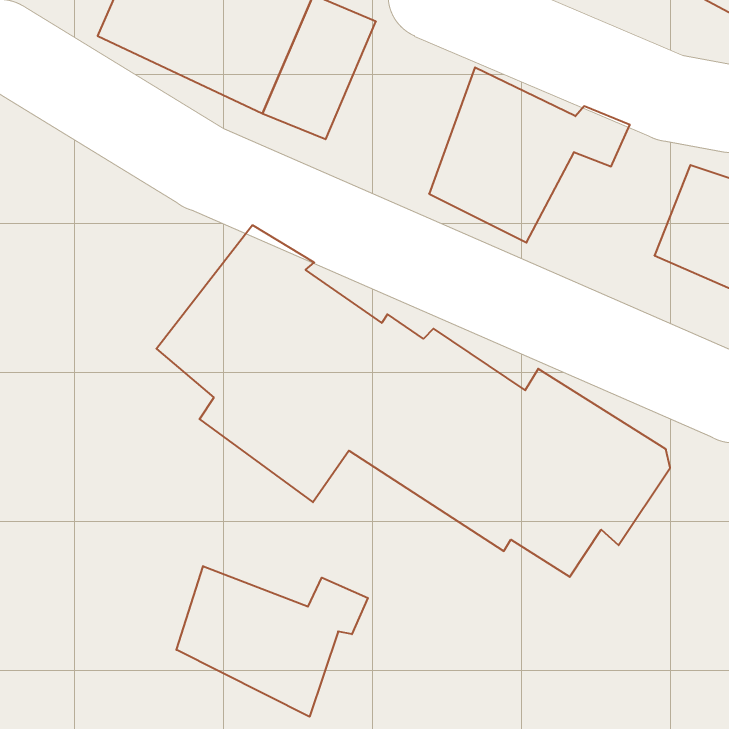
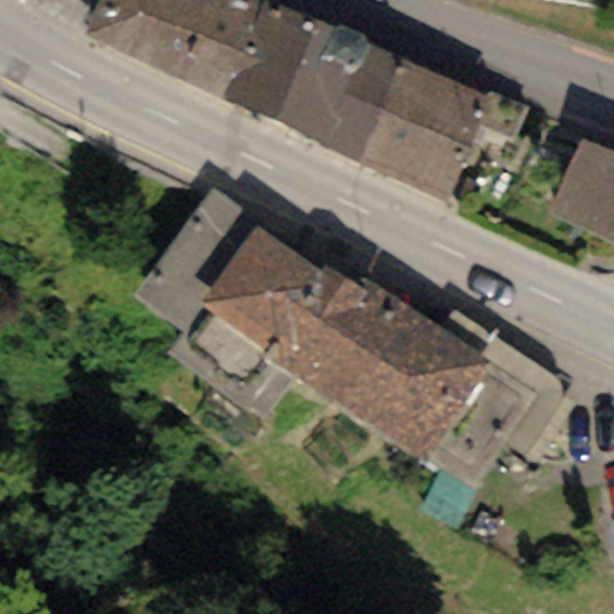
building: none -> [276,18,401,162]
building: [176,566,368,717] -> none

